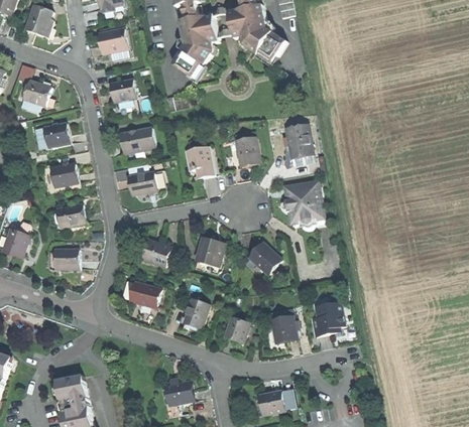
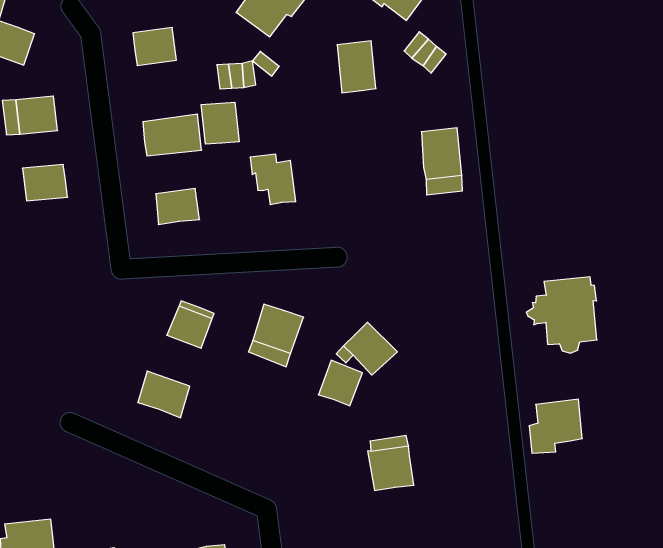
building: none -> [201,102,239,144]
building: [234,134,259,166] -> [337,41,376,93]
building: [280,179,324,226] -> [526,277,597,353]
building: [58,203,86,229] -> none
building: [56,250,79,269] -> none
building: [184,298,209,326] -> none
building: [312,300,344,334] -> [529,399,582,453]
building: [224,316,249,342] -> [318,360,362,406]

